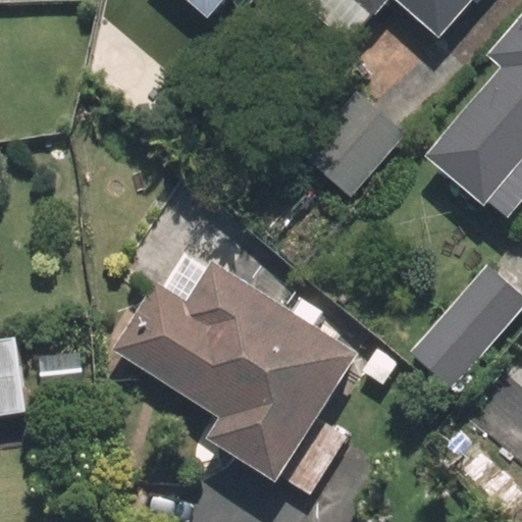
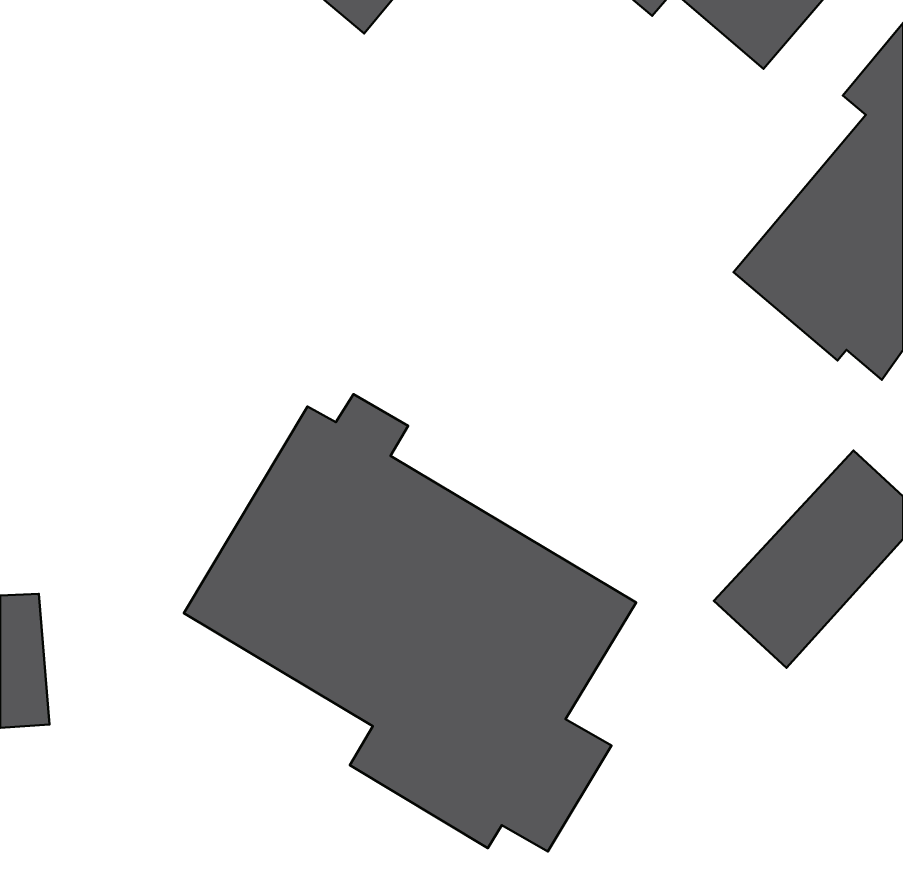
building: [301,87,409,196] -> none

